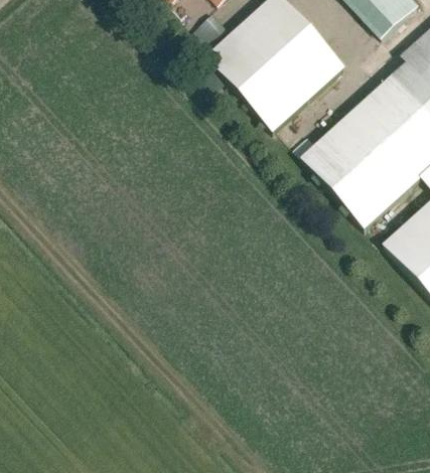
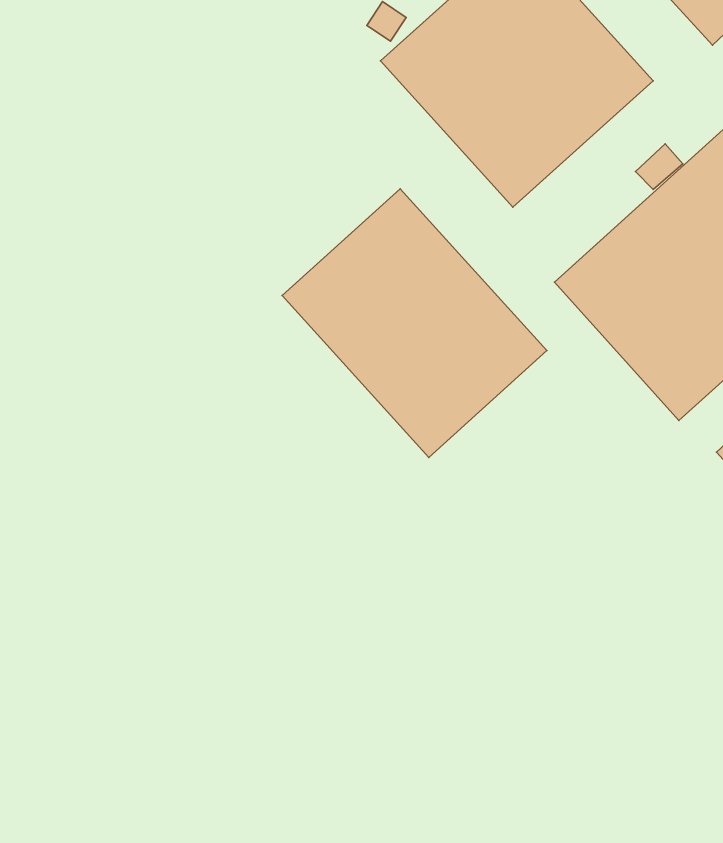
building: none -> [282,189,547,457]

